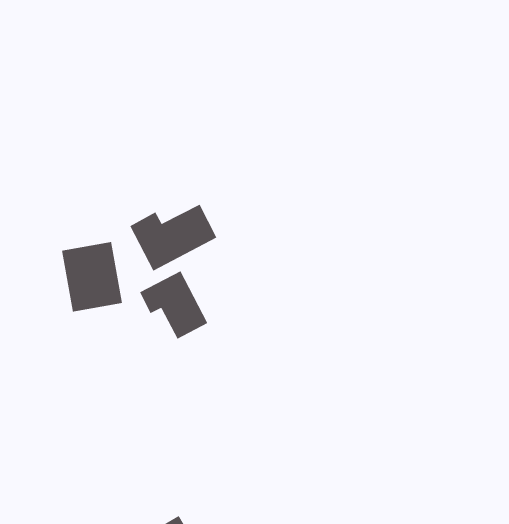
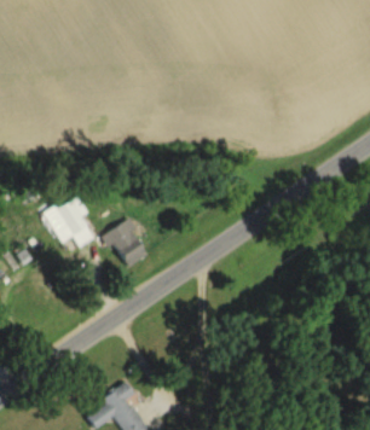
building: [129,204,217,271] -> none

